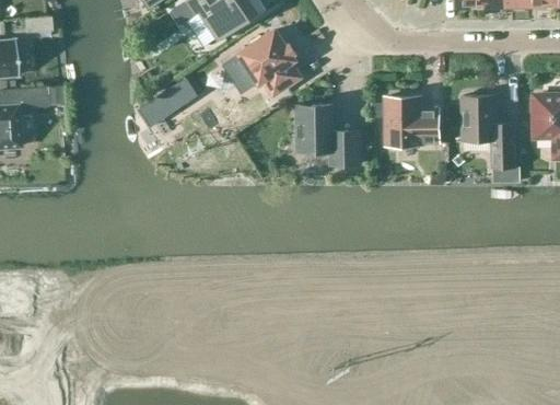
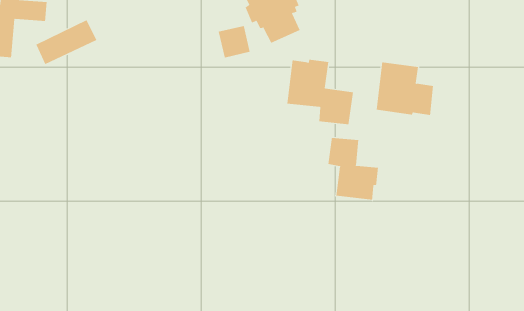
building: [139,77,199,127] -> [35,20,97,65]
building: [463,96,514,169] -> none
building: none -> [328,137,378,201]

